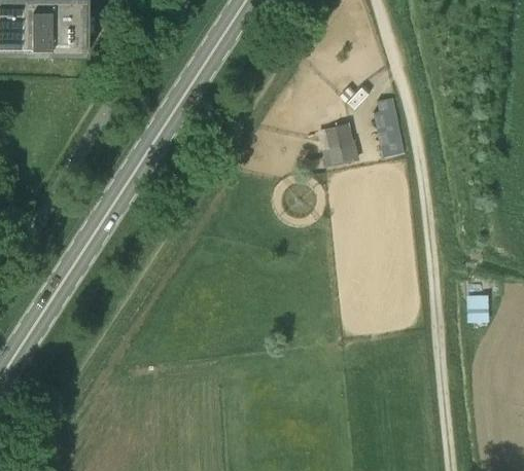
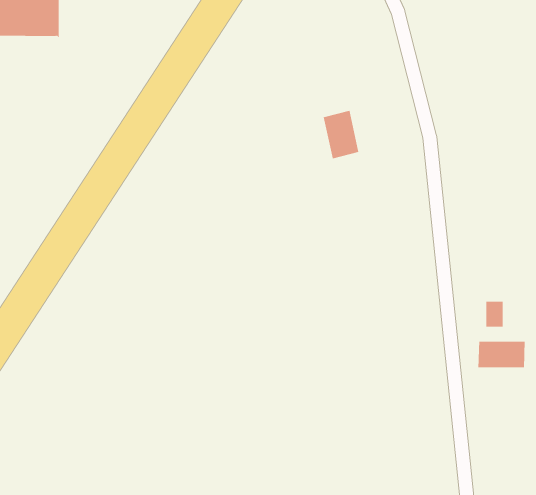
building: [373,98,404,155] -> none
building: none -> [478,341,525,368]

